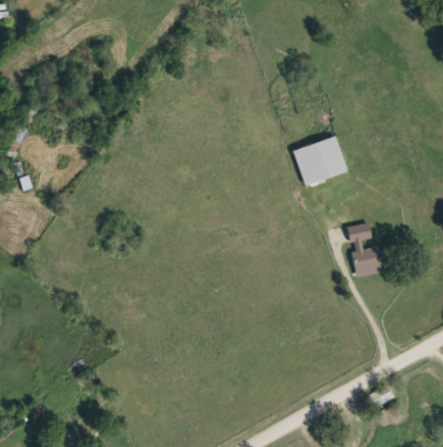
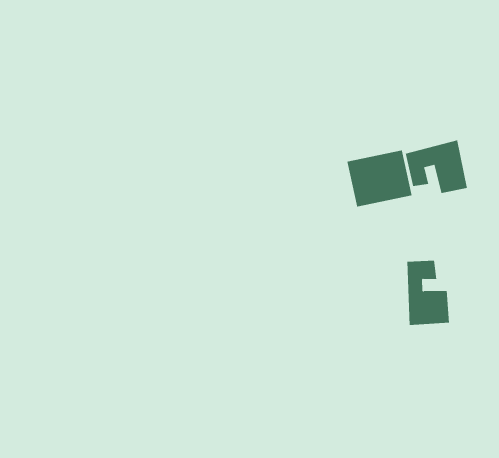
building: none -> [405,140,468,194]

